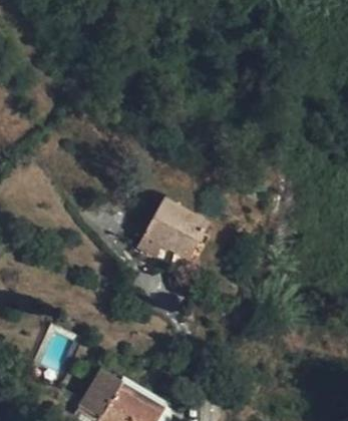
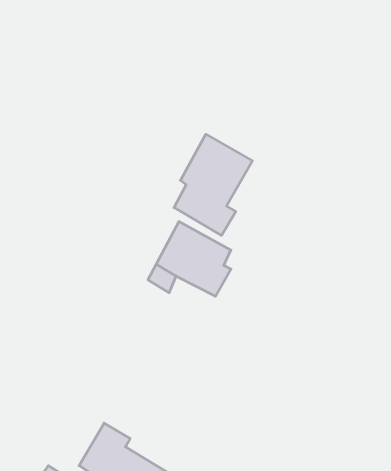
building: none -> [174,134,252,235]

